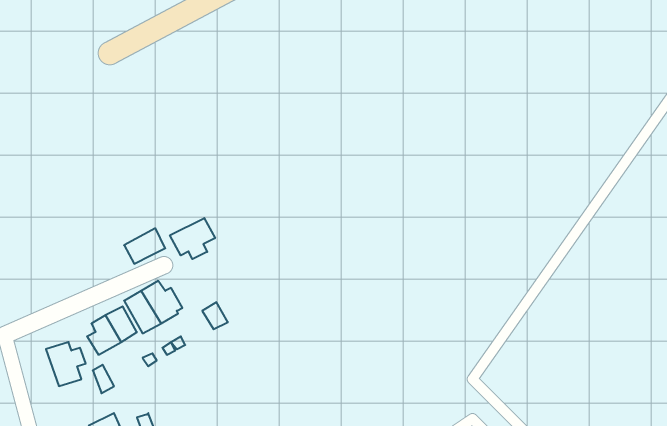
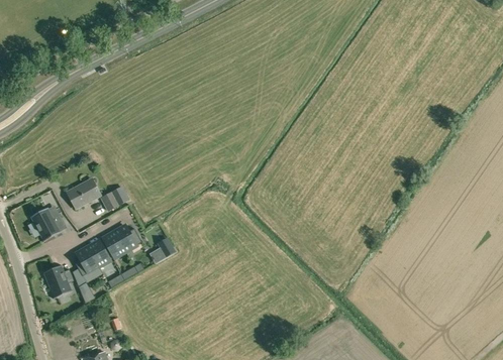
building: [170,218,215,259] -> none
building: none -> [66,178,100,209]
building: none -> [29,208,61,241]

